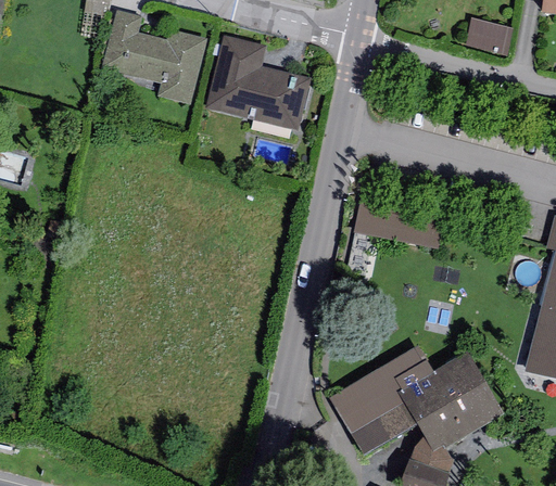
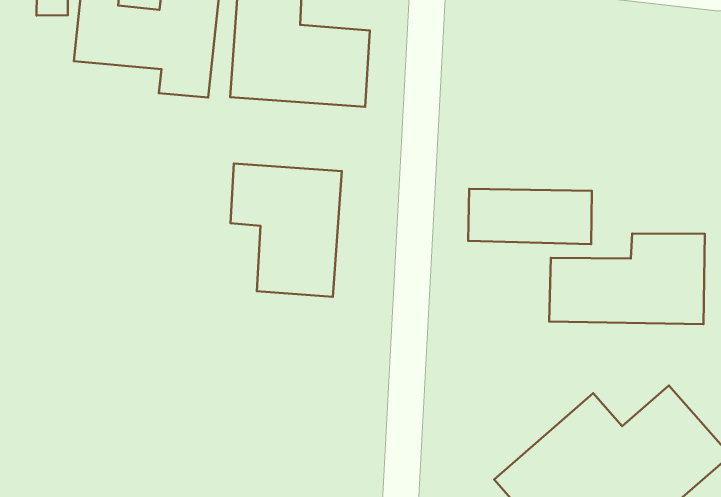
building: none -> [230,164,342,297]
building: none -> [549,233,705,324]

